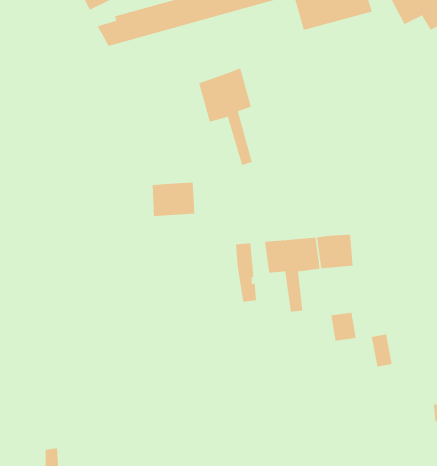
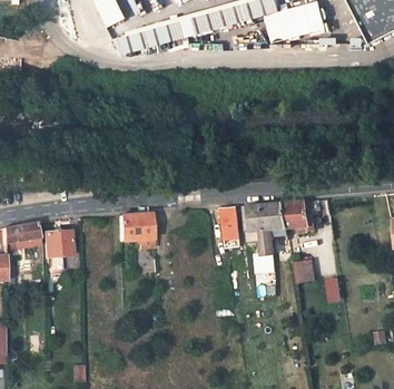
building: [199,67,253,166] -> none
building: [152,182,195,217] -> [119,213,152,240]
building: none -> [46,231,71,271]

